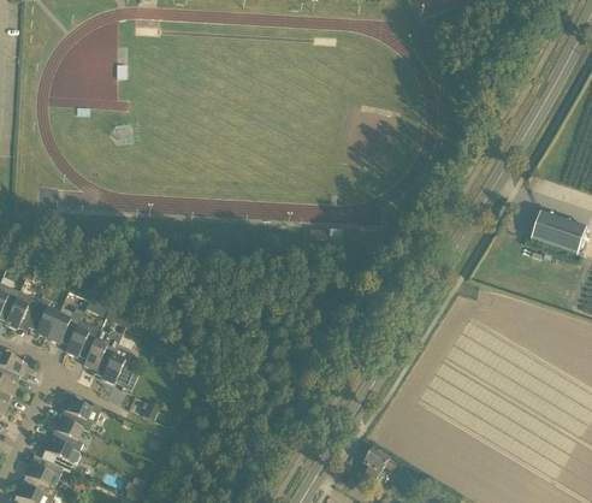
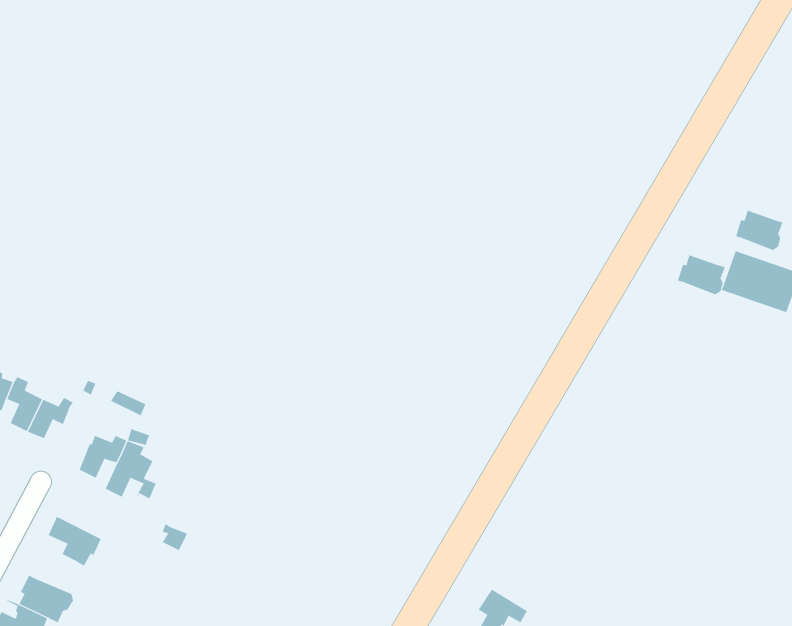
building: none -> [735,210,783,251]
building: none -> [677,255,725,295]
building: [65,321,99,356] -> none
building: [52,418,82,451] -> none

